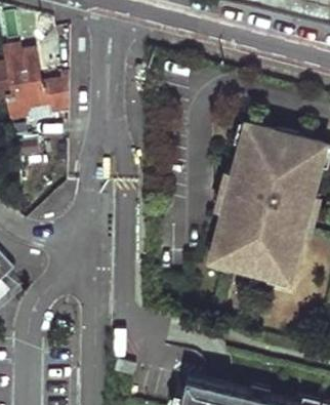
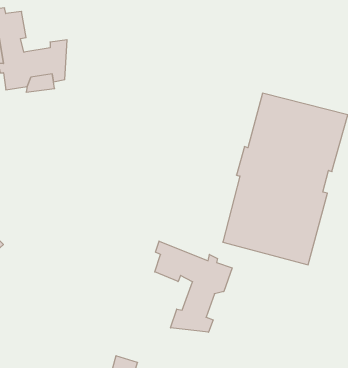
building: none -> [155,241,232,332]

